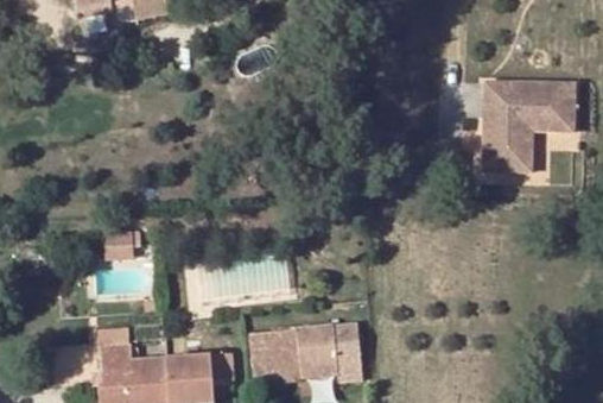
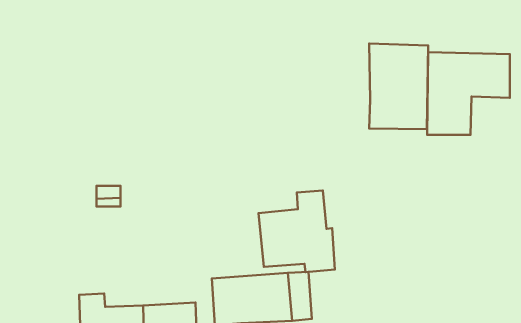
building: none -> [369,44,428,129]
building: none -> [258,190,335,272]

